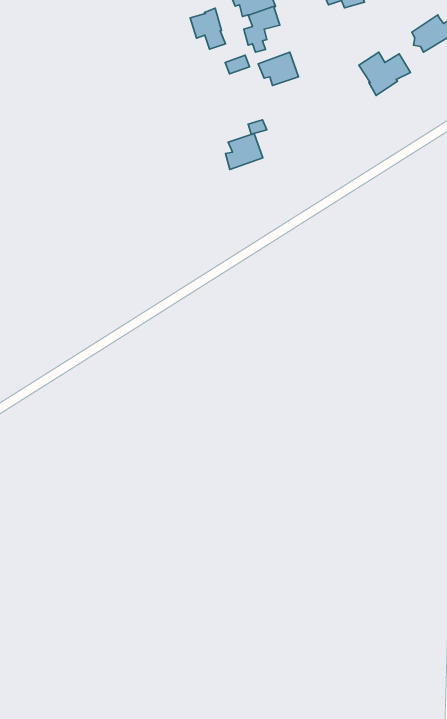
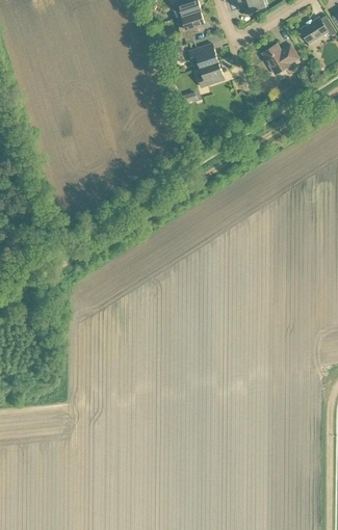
building: [190,8,225,49] -> none
building: [225,133,263,169] -> [197,60,224,86]

